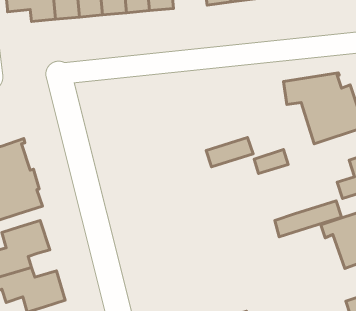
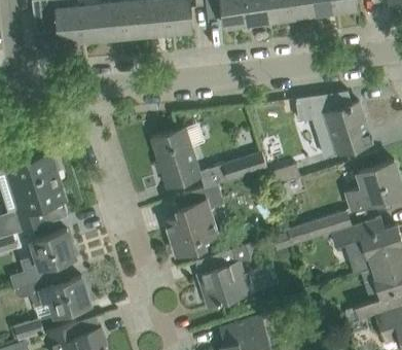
building: none -> [152,128,200,186]
building: none -> [166,183,221,254]
building: none -> [197,243,255,307]

